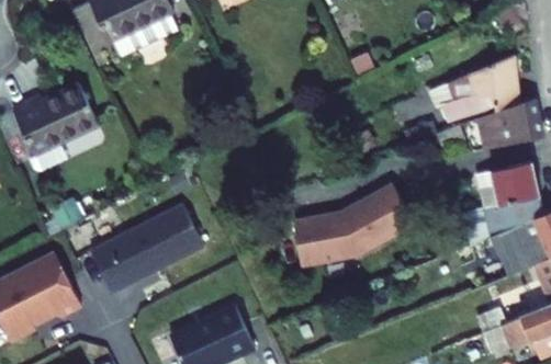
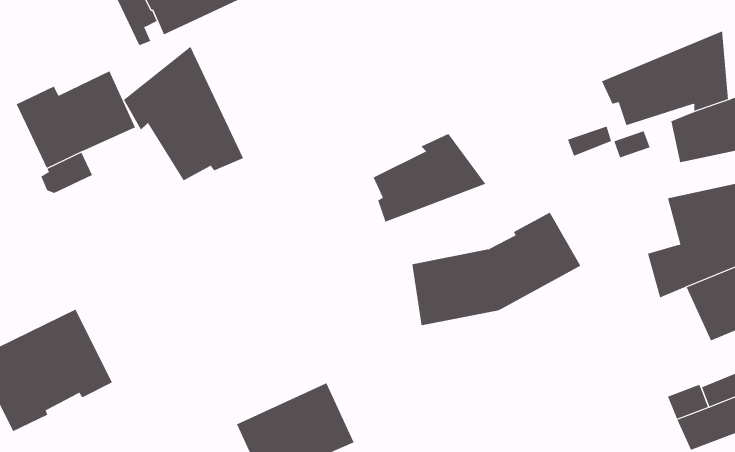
building: none -> [123,46,244,181]
building: none -> [373,133,486,222]
building: [91,204,204,293] -> none

